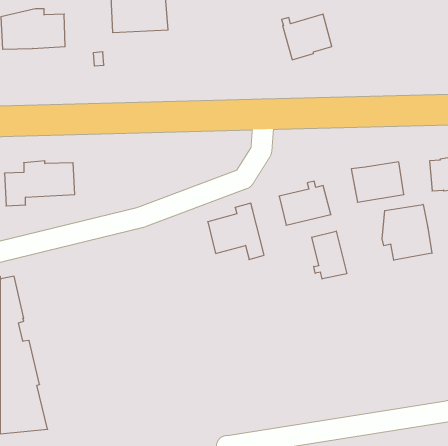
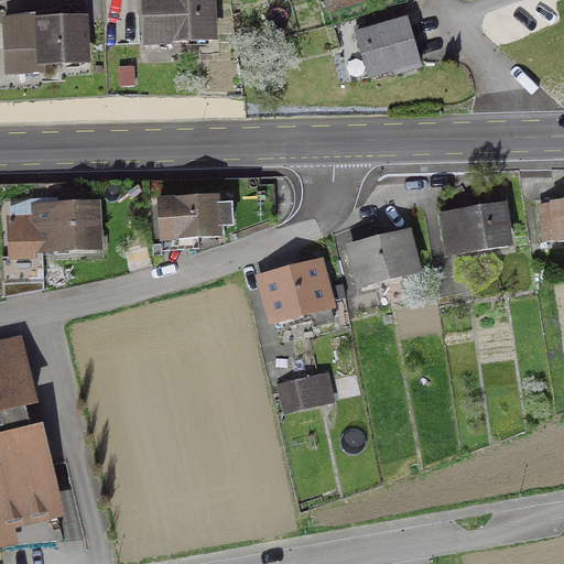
building: none -> [159,194,231,238]
building: [382,204,432,260] -> none
building: [312,231,347,279] -> none
building: none -> [286,372,330,409]

